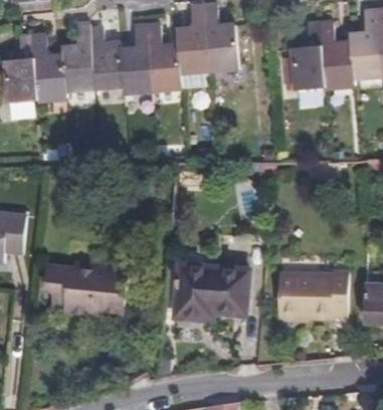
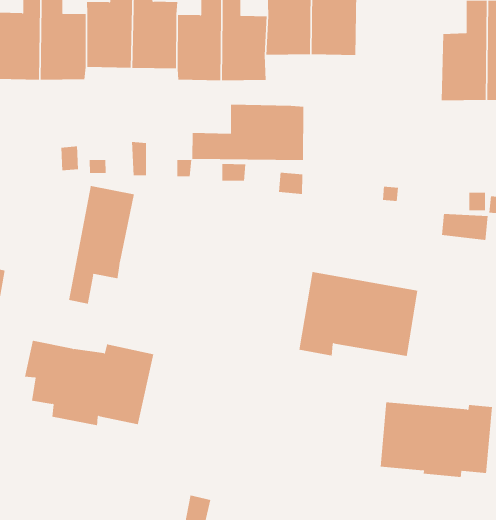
building: none -> [192,104,304,161]
building: none -> [68,185,134,304]
building: [172,264,245,318] -> [299,271,418,357]

